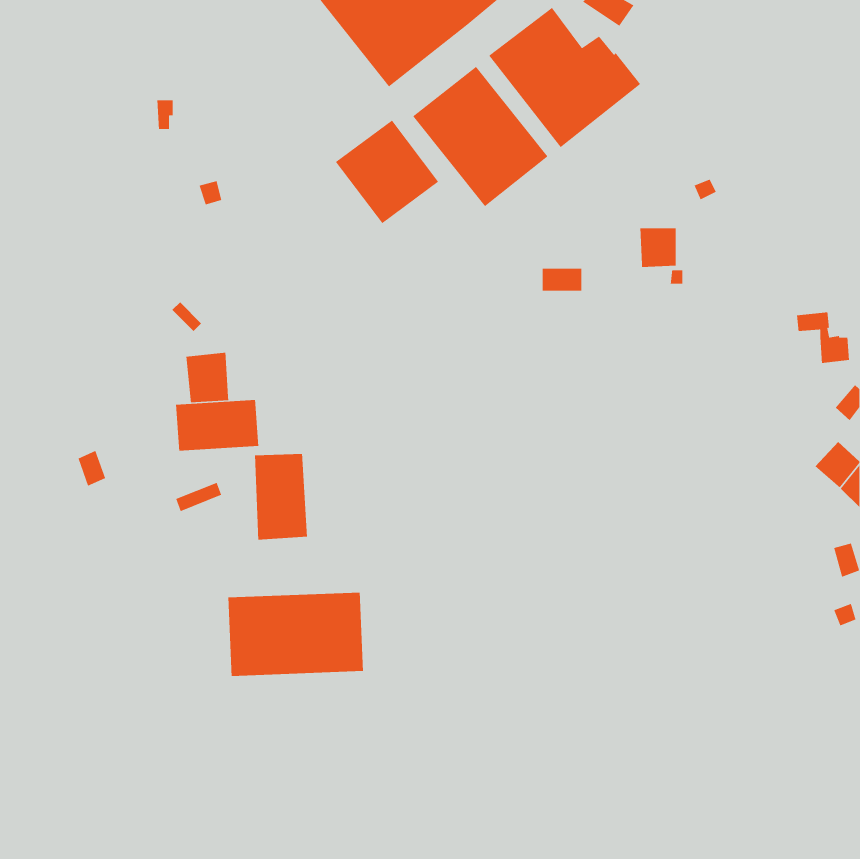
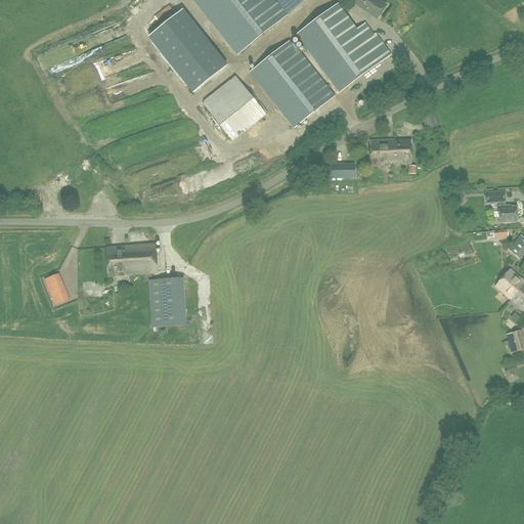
building: none -> [150,10,227,92]
building: none -> [369,138,390,163]
building: [185,352,229,403] -> none
building: [227,592,364,677] -> none

